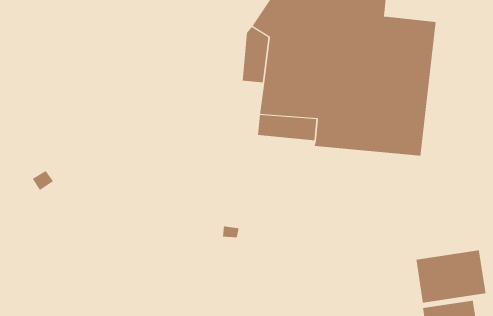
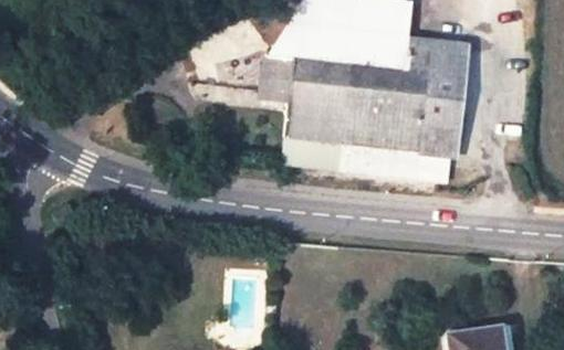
building: [416,249,486,304] -> none

